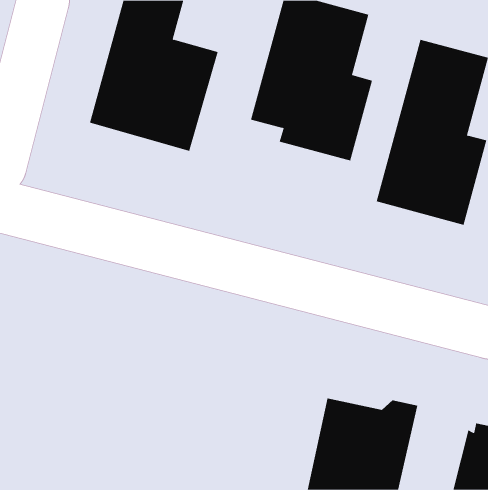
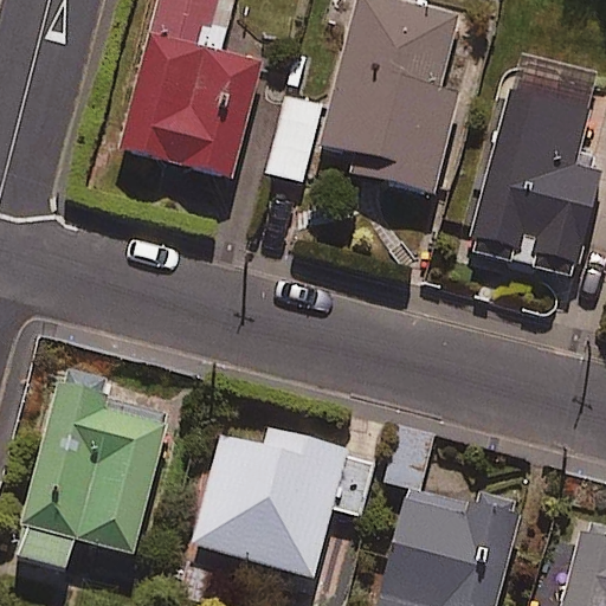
building: none -> [24,368,168,562]
building: none -> [192,428,348,573]

